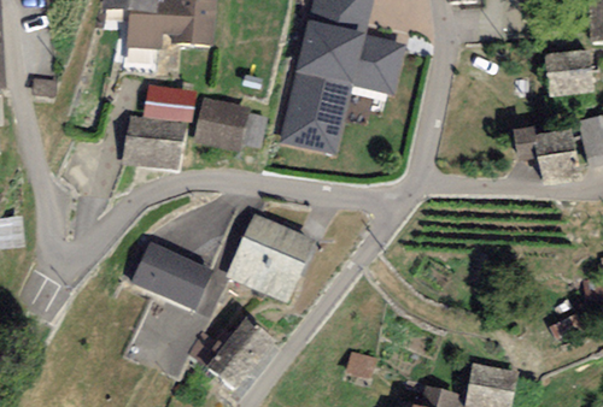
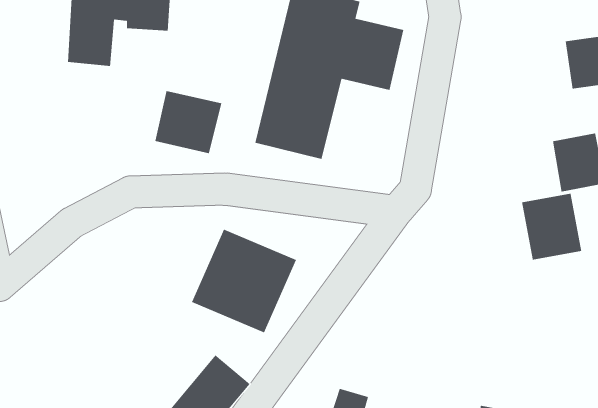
building: [121,83,195,170] -> none
building: none -> [521,193,582,261]
building: [131,241,212,311] -> none

